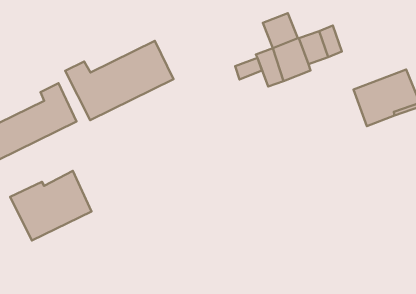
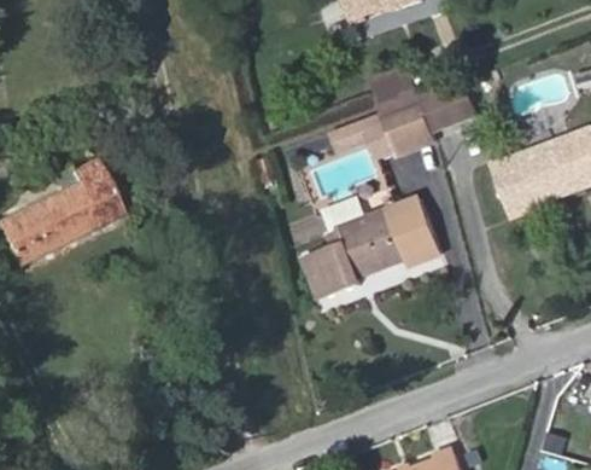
building: [65,41,174,120] -> none
building: none -> [305,198,441,302]
building: [10,171,91,241] -> none

